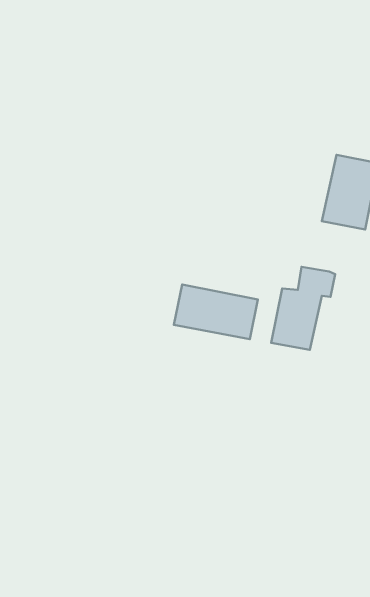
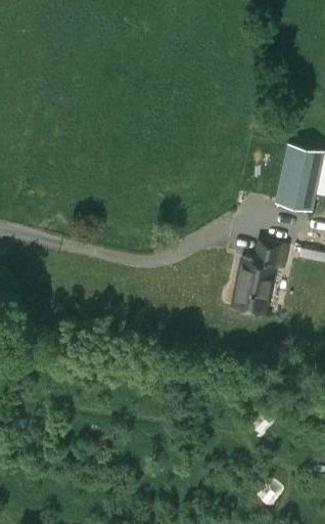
building: [174,284,258,339] -> none

